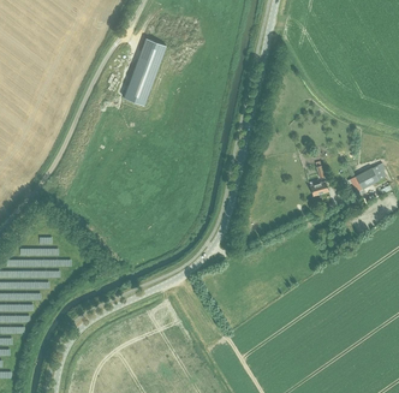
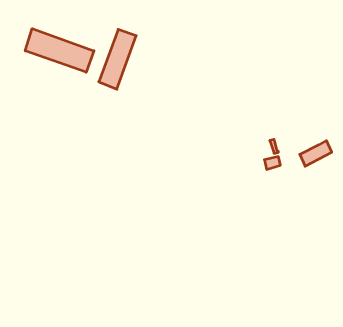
building: none -> [25,29,94,72]

